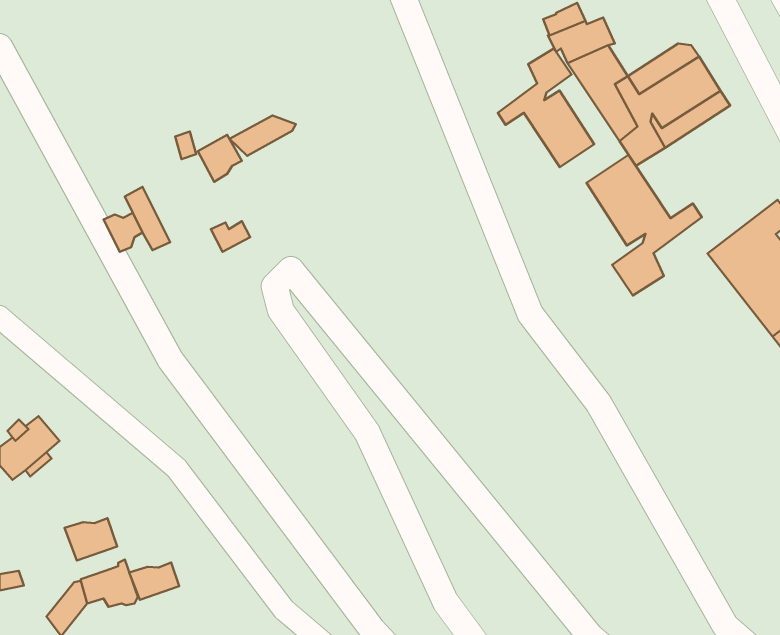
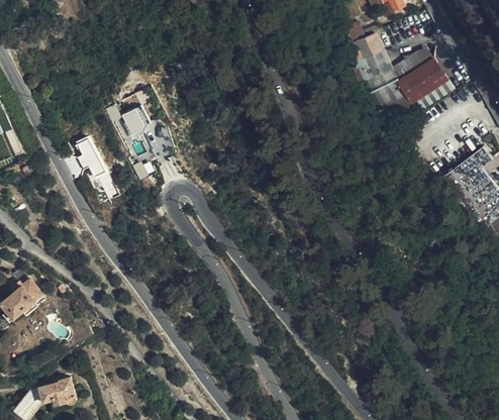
building: [498,48,594,167] -> none
building: [230,115,296,156] -> none
building: [587,155,702,295] -> none
building: [64,518,117,560] -> none
building: [129,563,179,600] -> none

